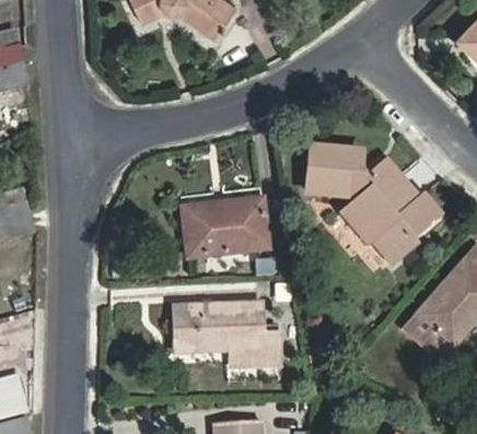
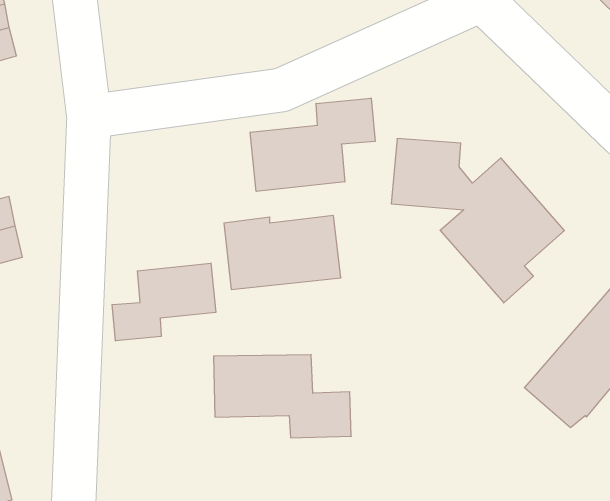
building: none -> [250,98,375,191]
building: none -> [112,263,216,341]

